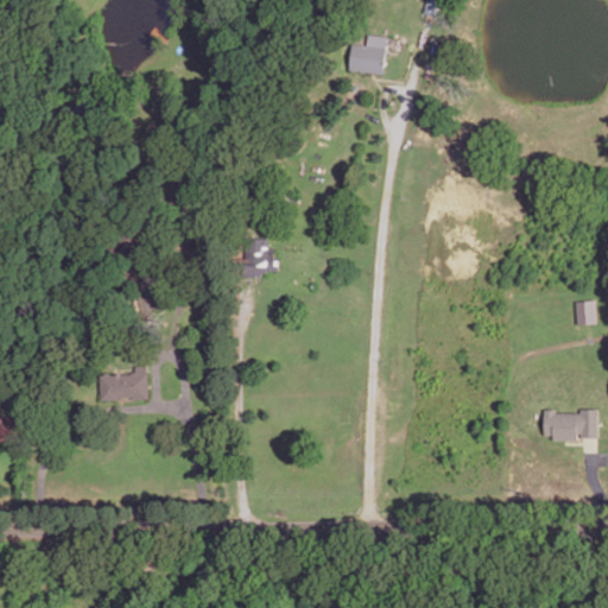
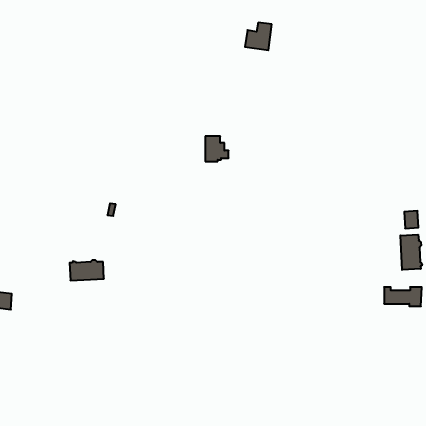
building: [243,239,277,274] -> [205,136,229,161]
building: none -> [400,235,422,270]

